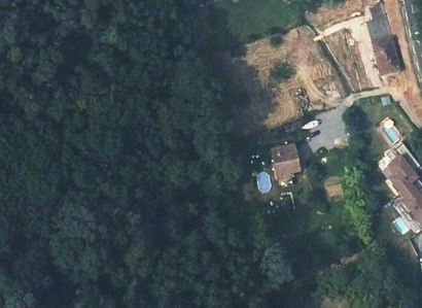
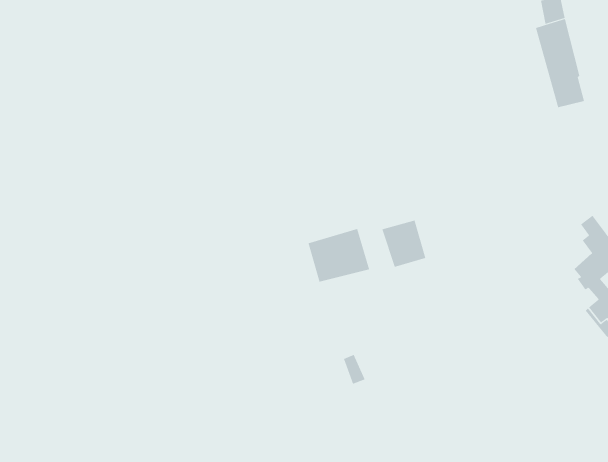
building: none -> [308,228,370,283]

